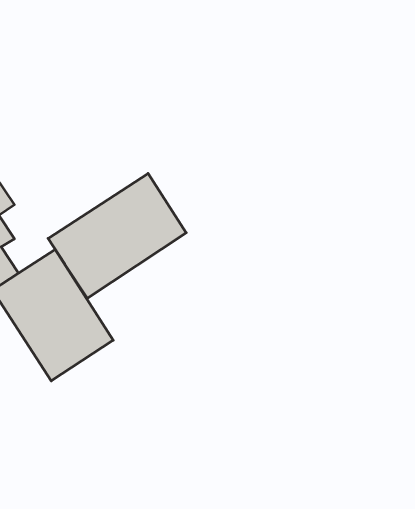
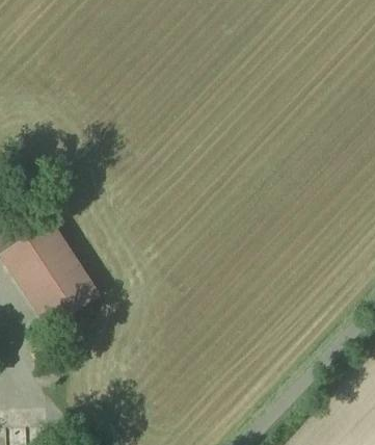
building: [48,173,186,298] -> none

